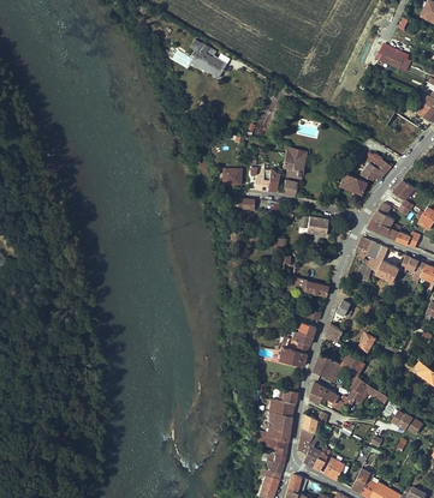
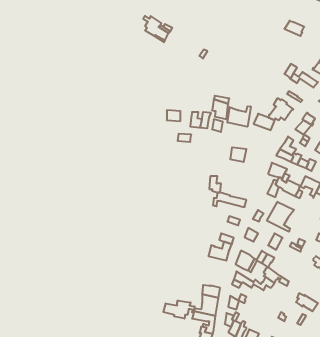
building: none -> [227,106,251,127]
building: none -> [267,202,294,232]
building: none -> [163,300,195,319]

